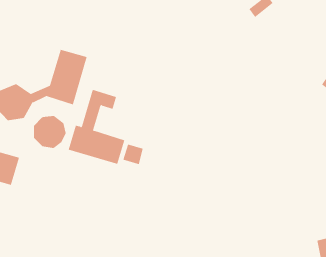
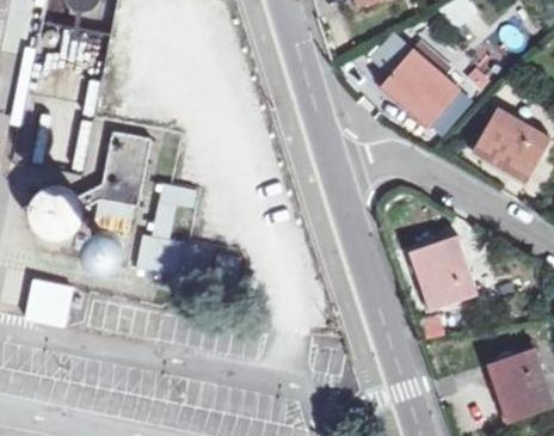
building: none -> [380,49,458,112]
building: none -> [414,235,476,308]

